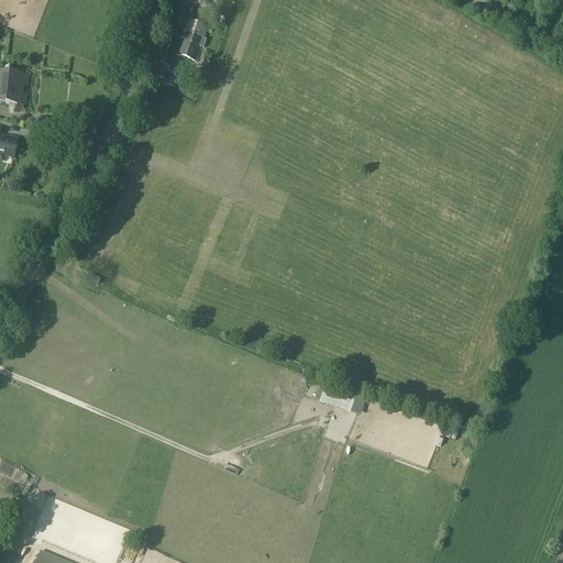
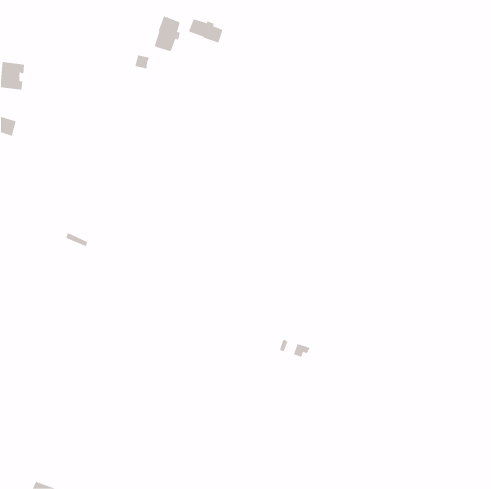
building: none -> [188,18,223,44]

